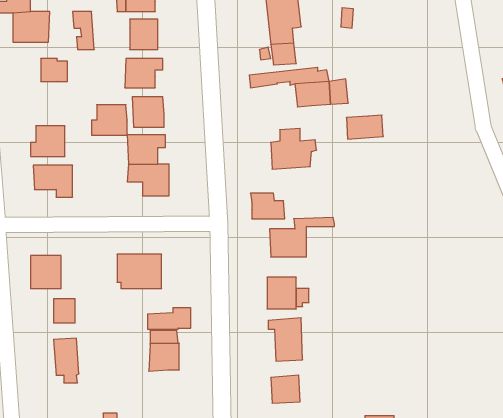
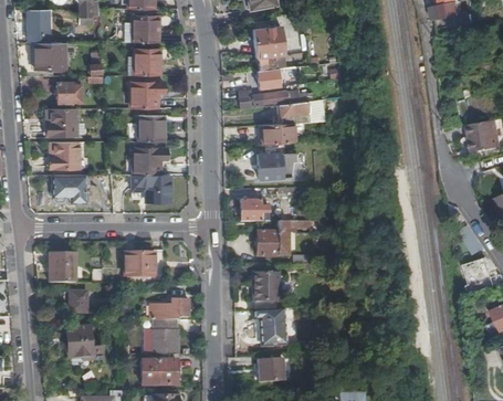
building: [92,105,127,135] -> [45,109,76,136]
building: [346,115,383,139] -> [262,124,294,145]
building: none -> [140,353,177,386]

